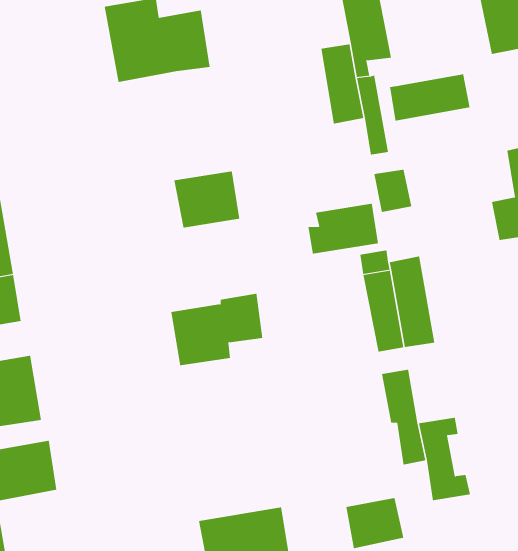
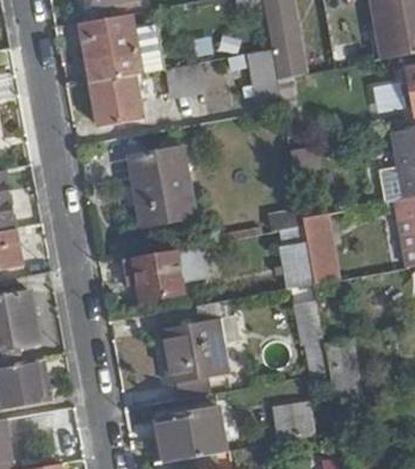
building: none -> [92,73,145,126]
building: [390,74,470,121] -> none
building: [308,203,379,254] -> [136,186,191,226]
building: none -> [156,301,228,382]

